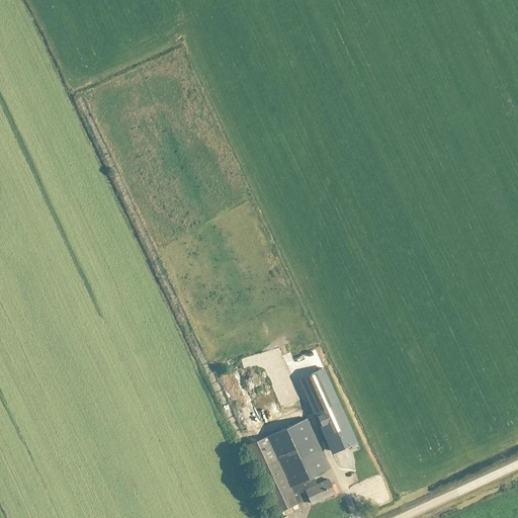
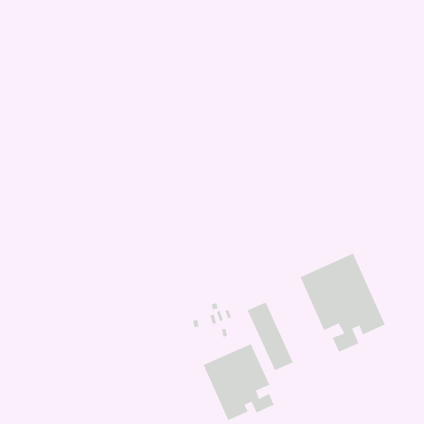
building: none -> [300,253,386,352]

